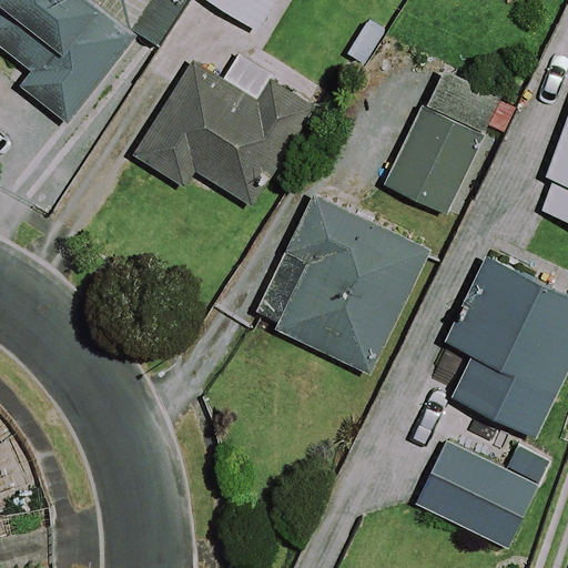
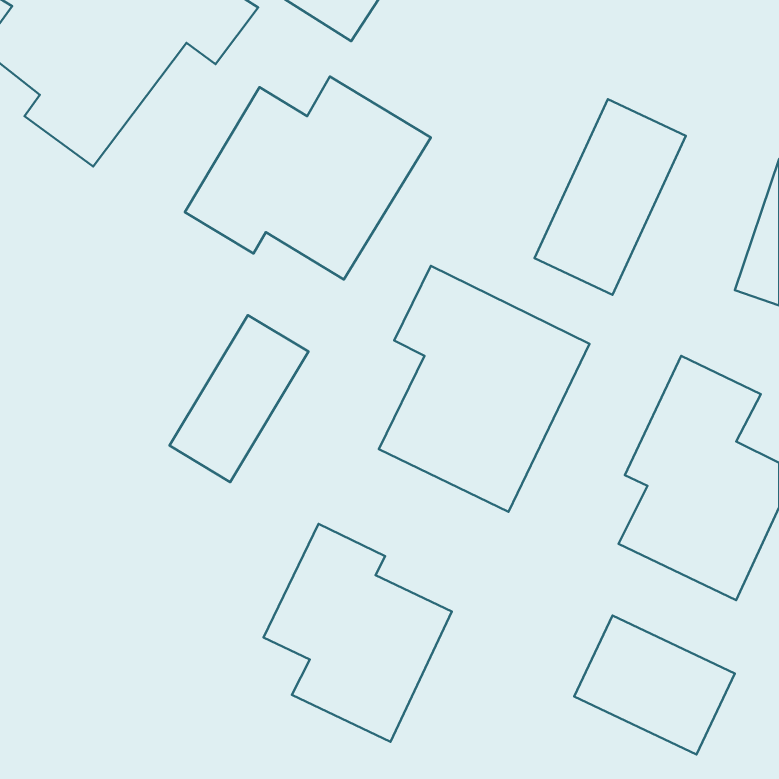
building: none -> [170,315,308,482]
building: none -> [263,524,452,742]

